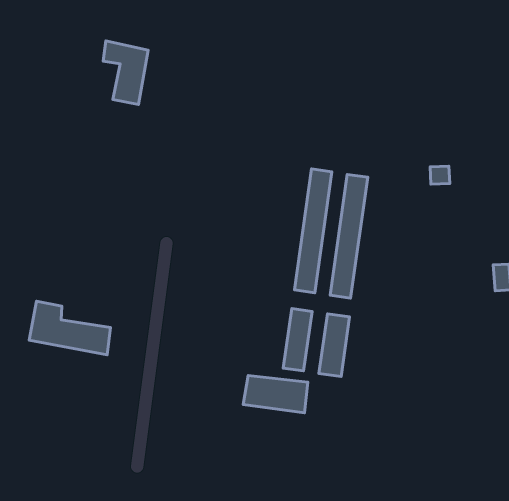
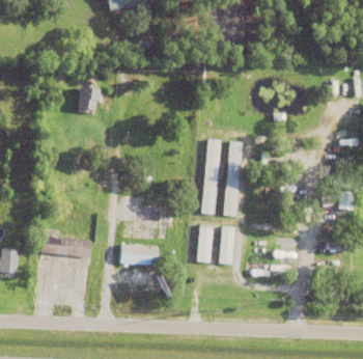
building: [243,375,308,413] -> [120,247,159,268]

